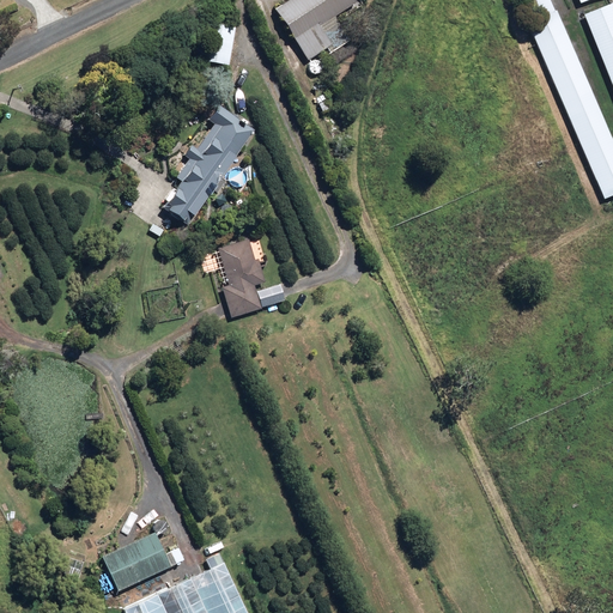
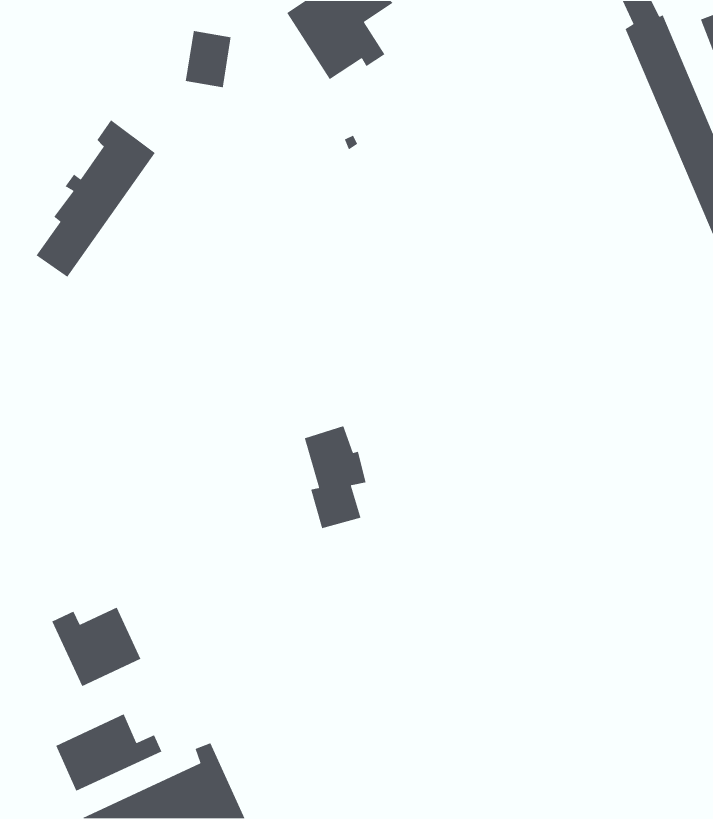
building: [163,105,253,224] -> [35,119,156,278]
building: [218,239,265,317] -> [304,425,366,529]
building: none -> [51,606,141,687]

